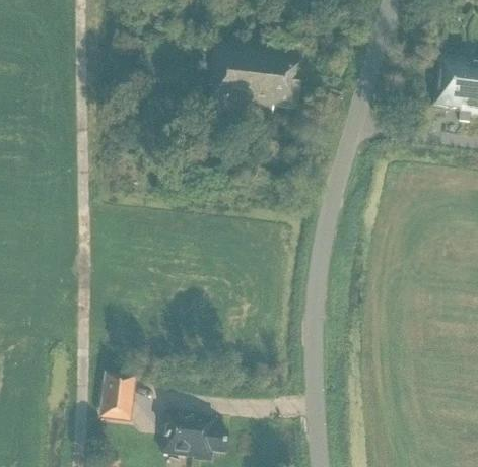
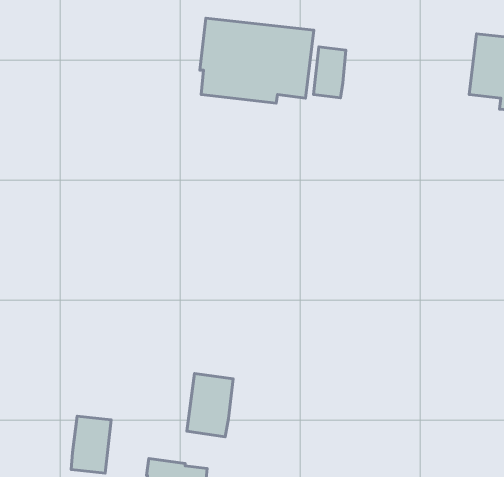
building: none -> [313,47,346,98]
building: none -> [187,374,233,437]

